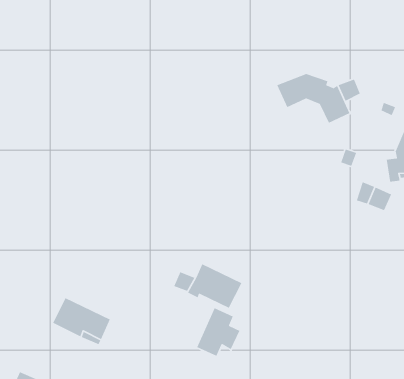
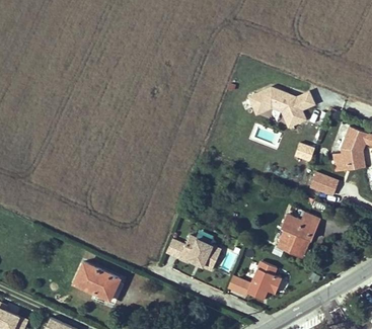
building: none -> [278,213,319,256]
building: [196,307,240,357] -> [247,260,282,299]

